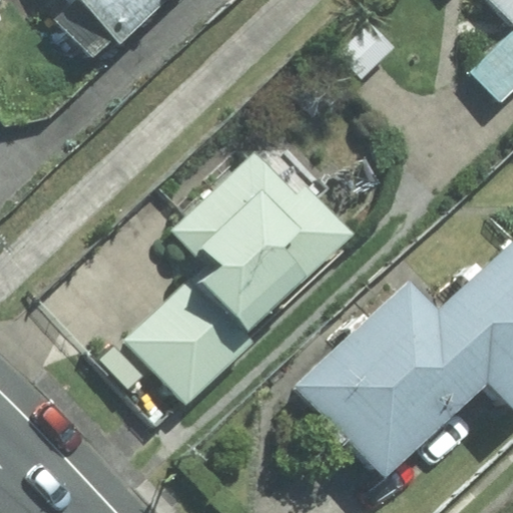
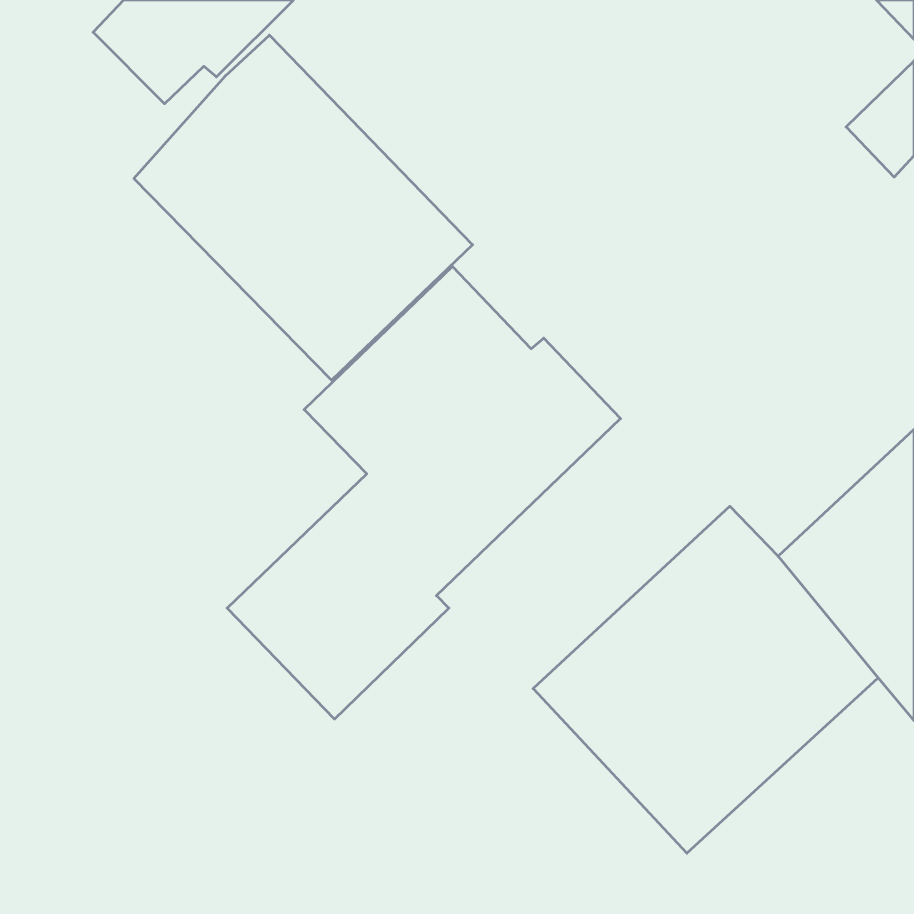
building: none -> [134,35,473,380]

